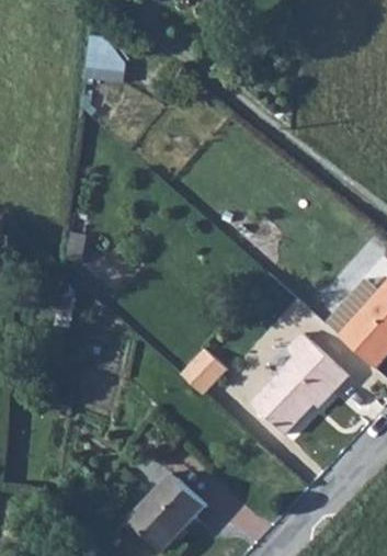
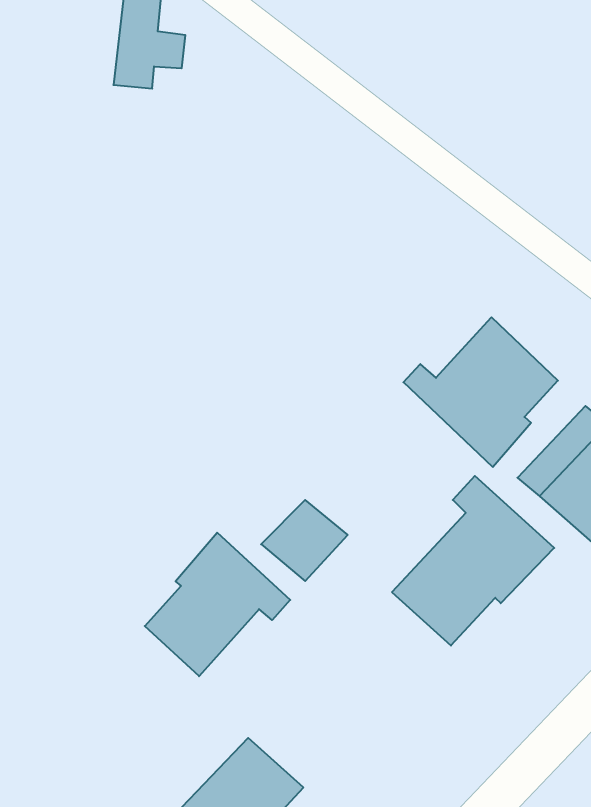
building: none -> [403,317,558,467]
building: none -> [145,533,290,676]

